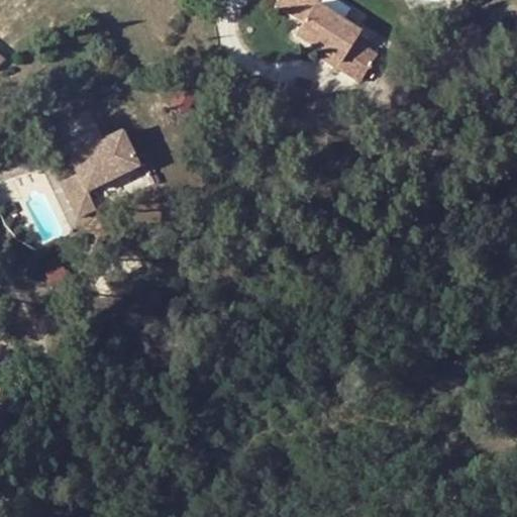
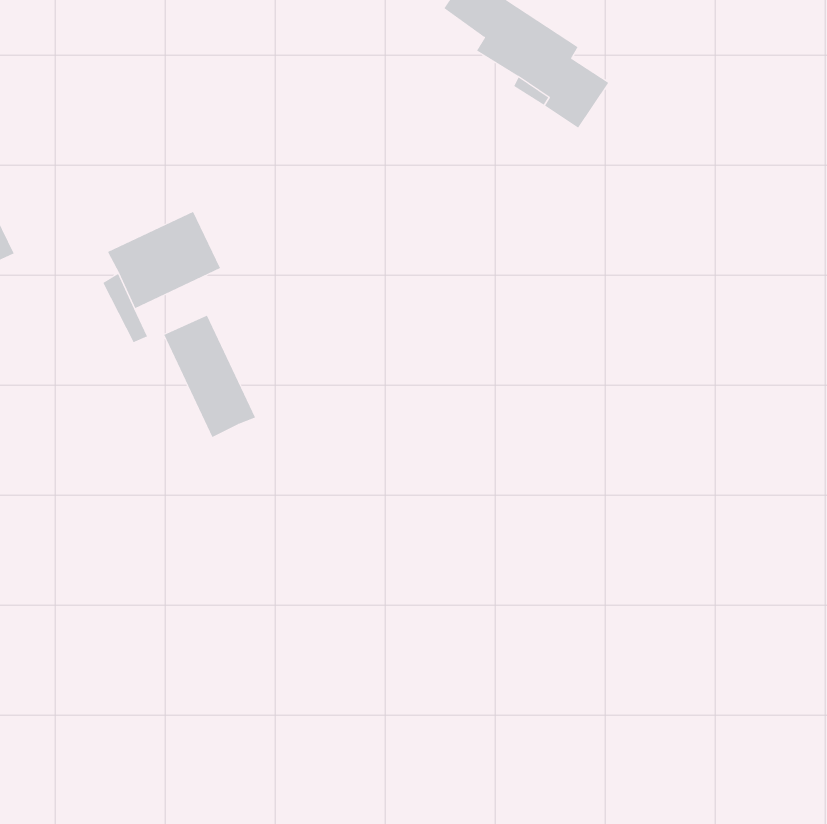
building: none -> [163,315,256,438]

